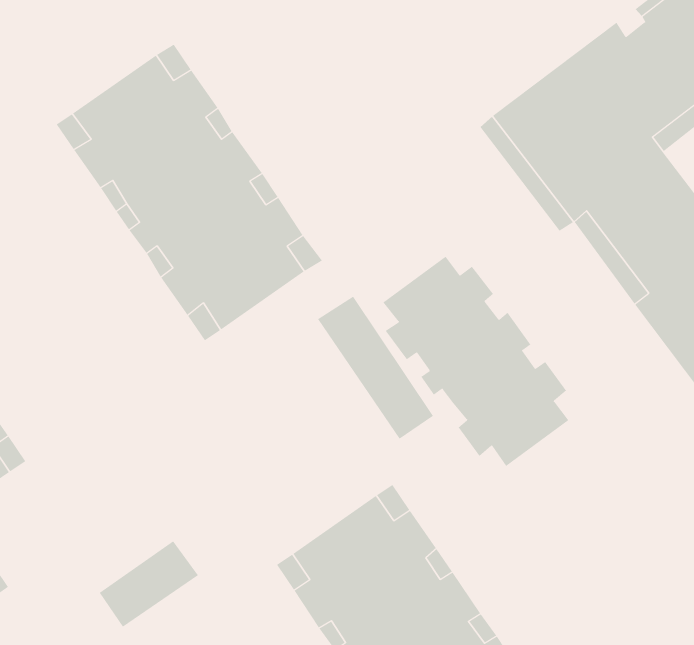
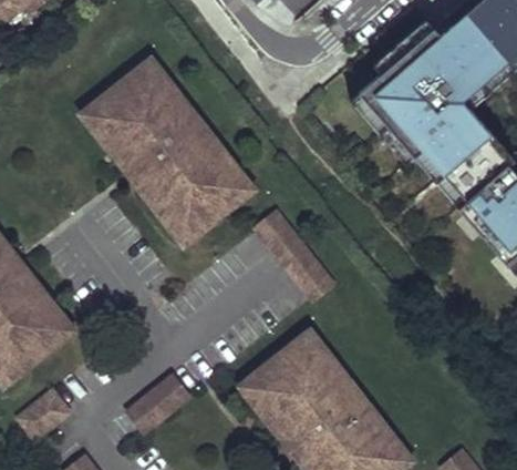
building: [382,256,569,467] -> none

